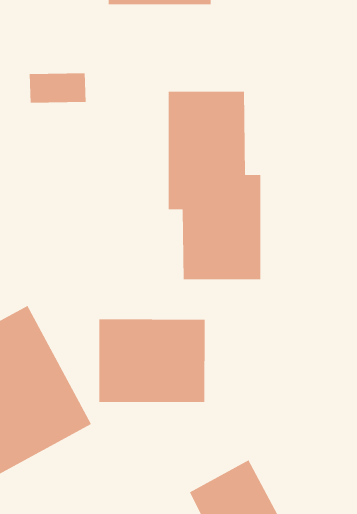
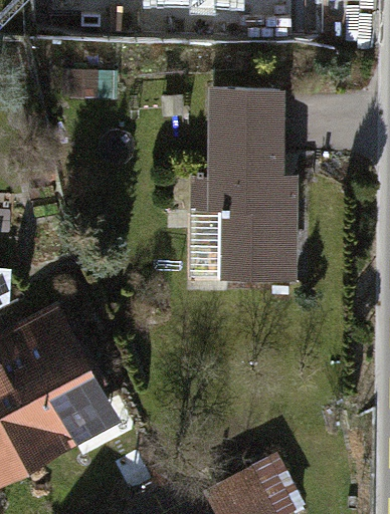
building: [99,319,205,403] -> none

